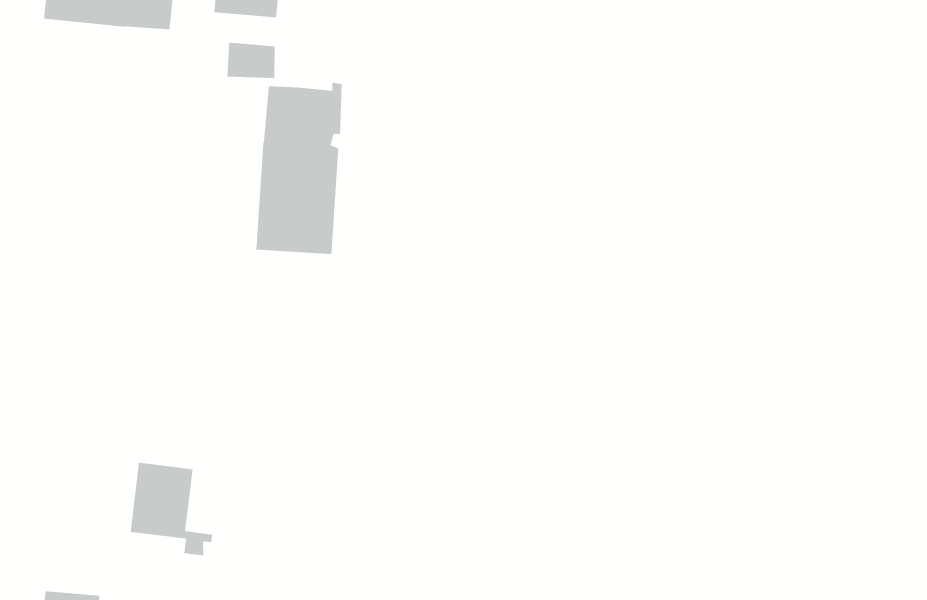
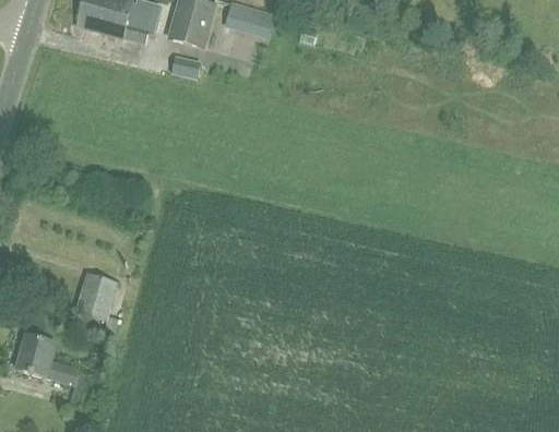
building: [256,82,342,255] -> none

